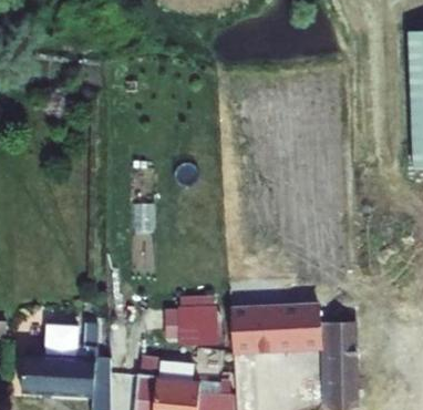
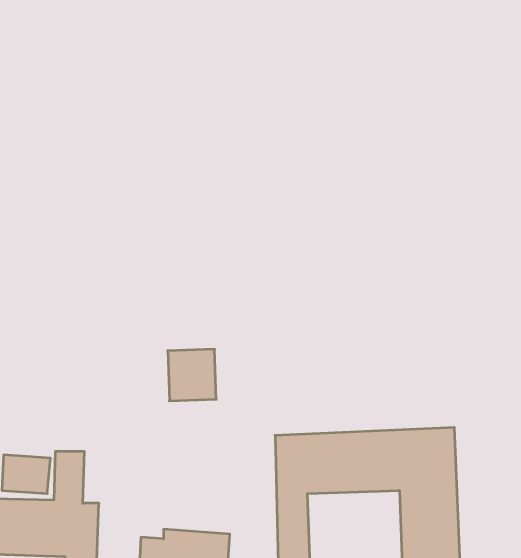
building: [180,307,214,342] -> [168,349,216,401]

